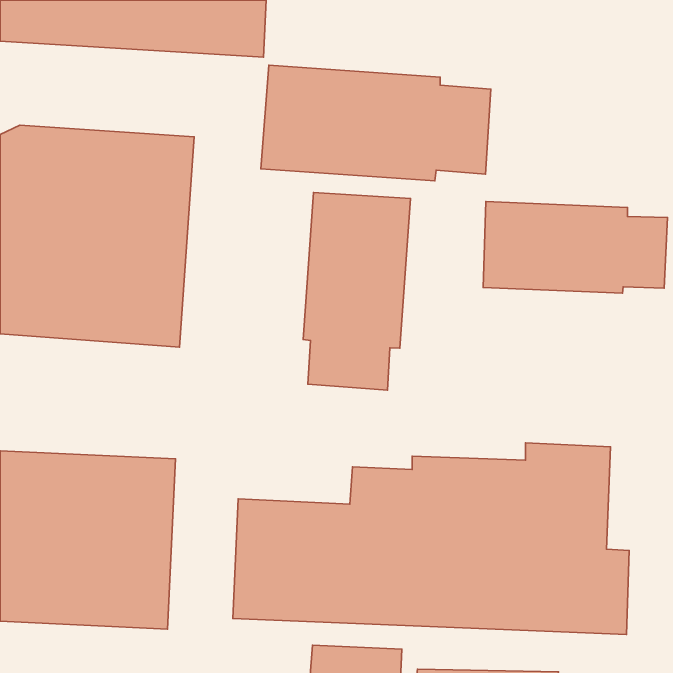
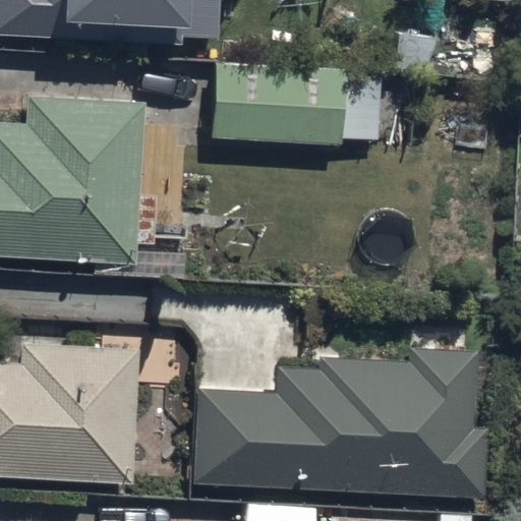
building: [303,192,410,390] -> none
building: [483,202,668,293] -> none

